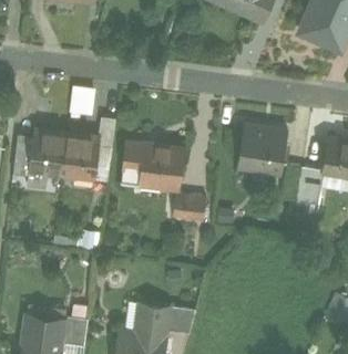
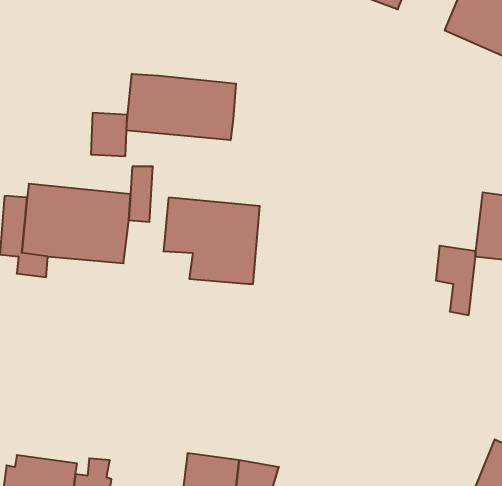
building: none -> [126,74,236,140]
building: [237,122,291,175] -> none
building: [173,192,206,221] -> none

